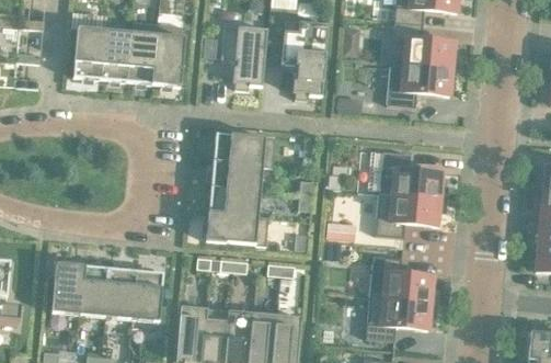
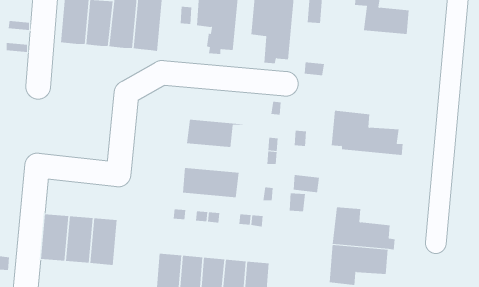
building: [387,61,451,106] -> none
building: [214,133,275,166] -> none
building: [208,186,268,218] -> none
building: [375,193,446,237] -> none
building: [131,270,163,322] -> none

